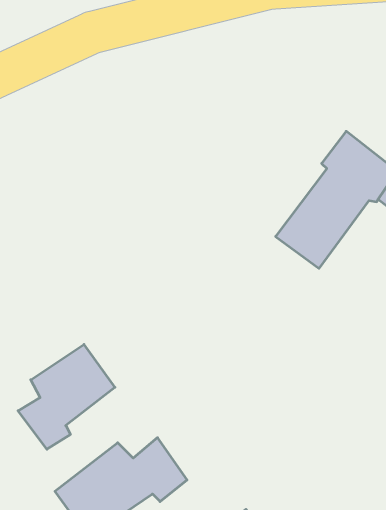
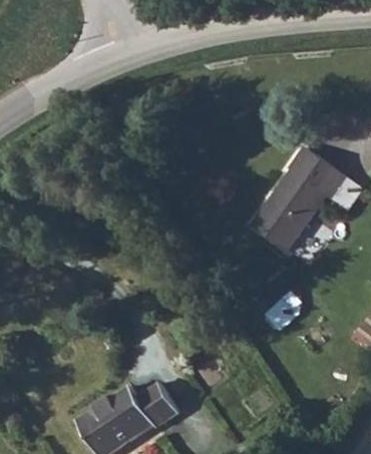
building: [18,344,115,449] -> none

